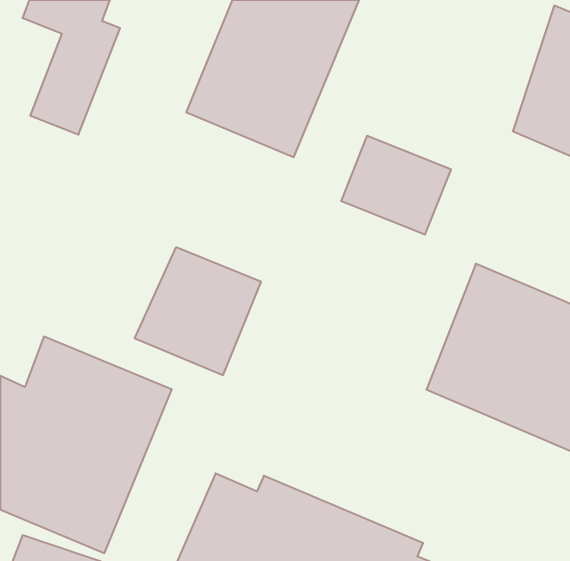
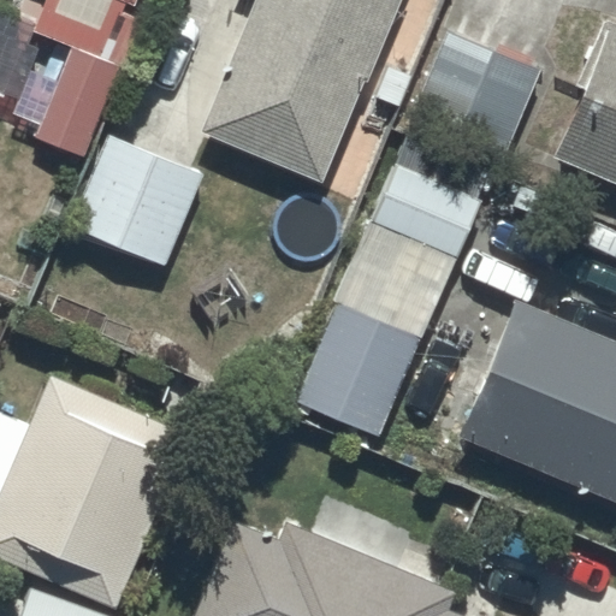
building: none -> [409,35,538,164]
building: none -> [67,131,206,265]
building: [134,247,261,375] -> [288,298,424,436]

